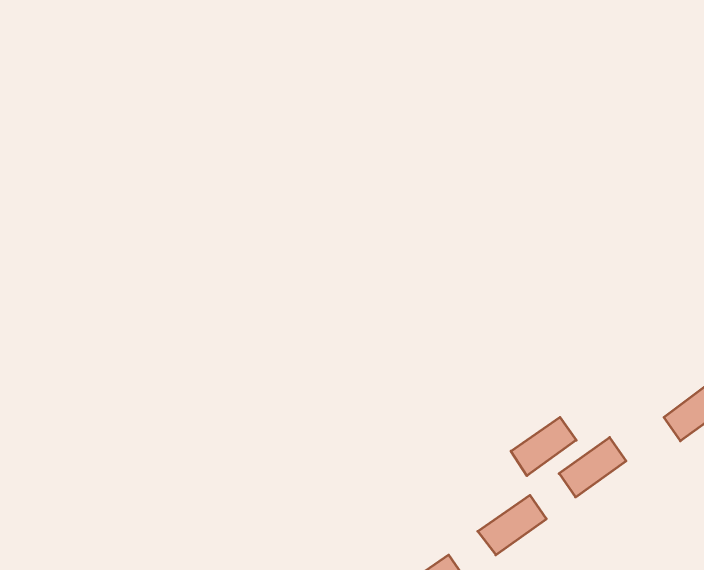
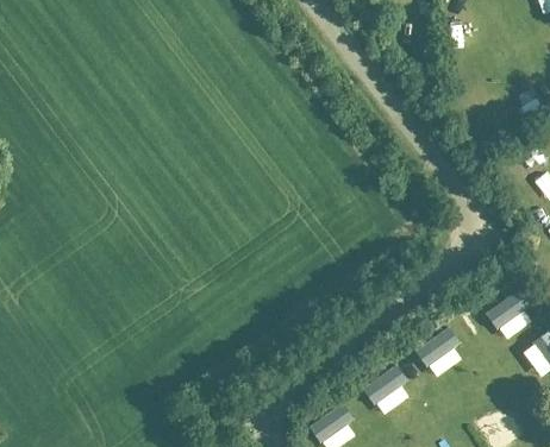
building: [511,417,576,476] -> none

